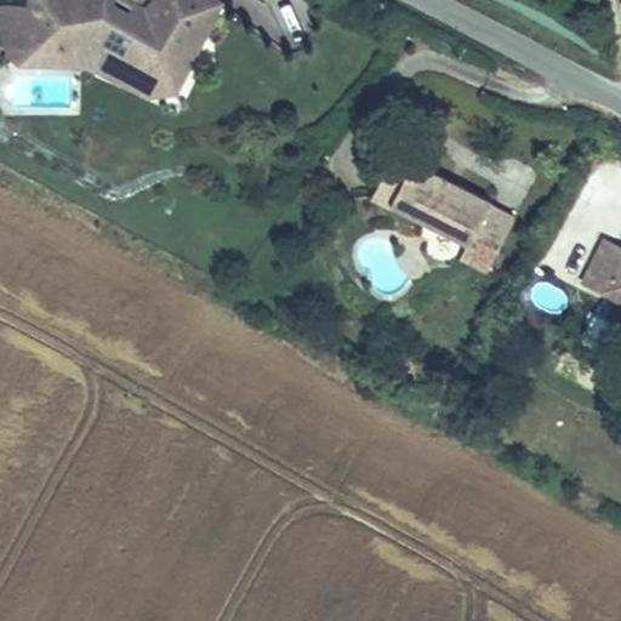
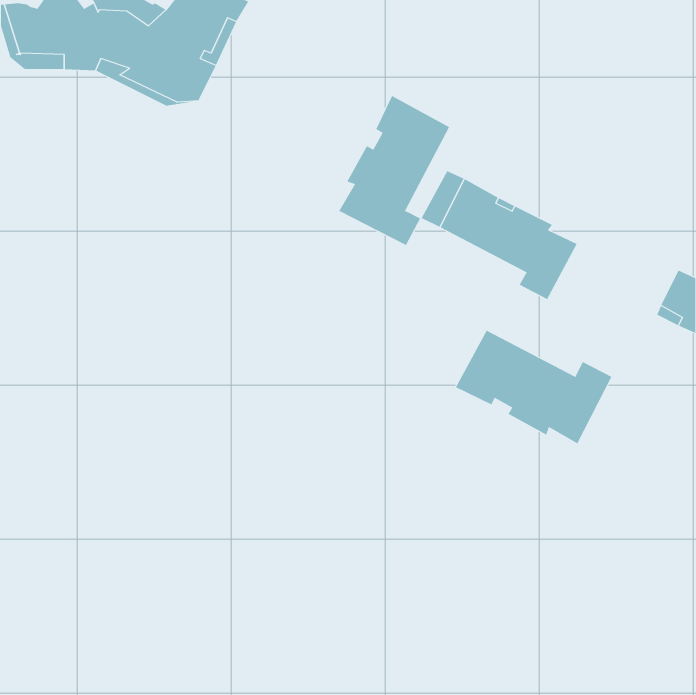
building: none -> [339,95,450,246]
building: none -> [455,330,612,444]

